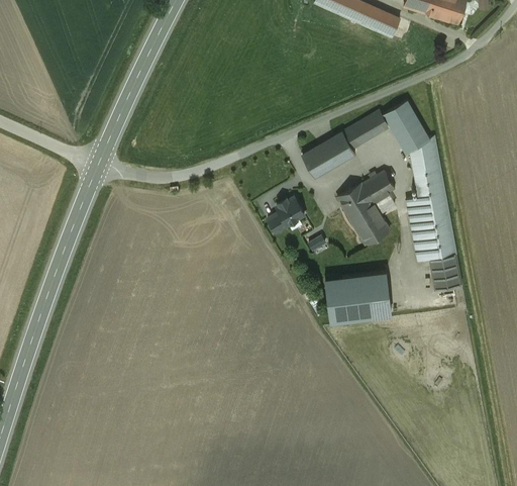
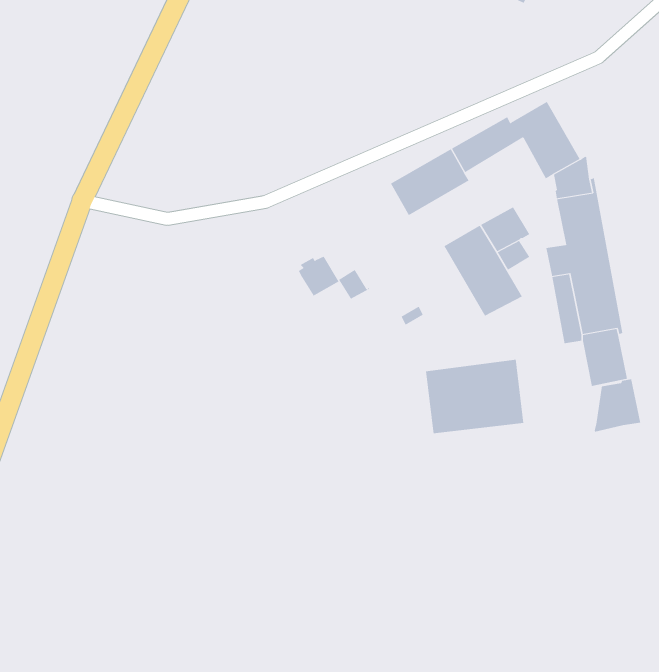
building: [277,198,304,225] -> [298,256,339,297]
building: none -> [594,379,641,433]

